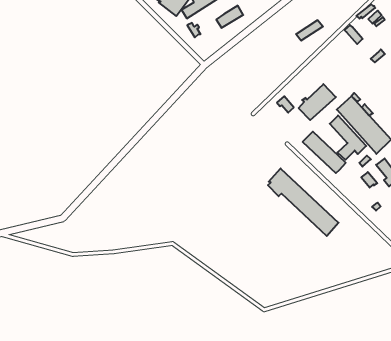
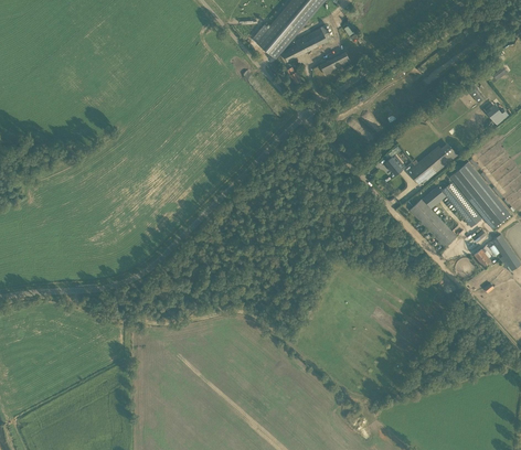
building: [268,168,339,236] -> none

